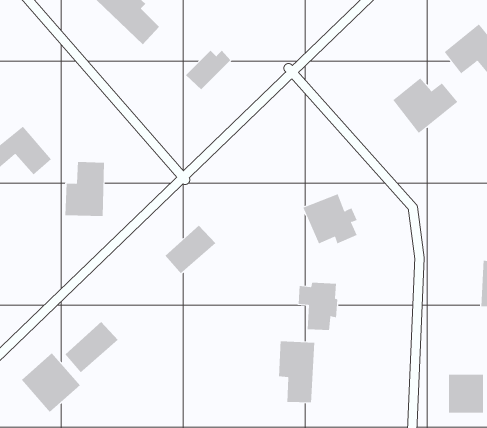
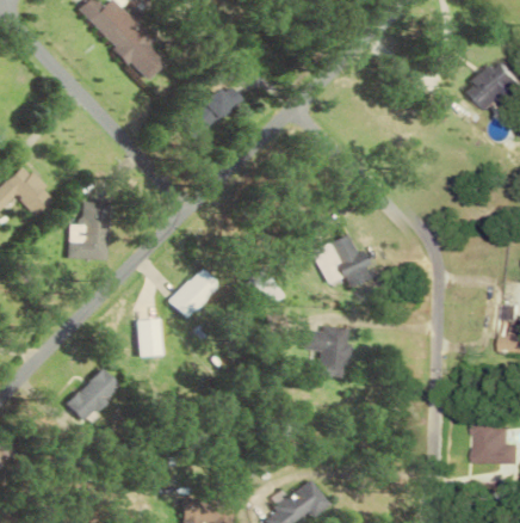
building: [393,77,458,134] -> none
building: none -> [142,320,166,357]
building: [279,340,315,403] -> none
building: [21,353,81,413] -> none

